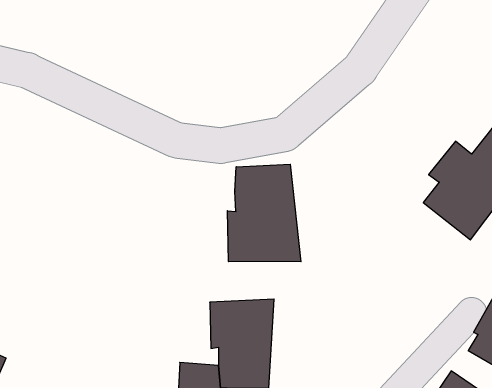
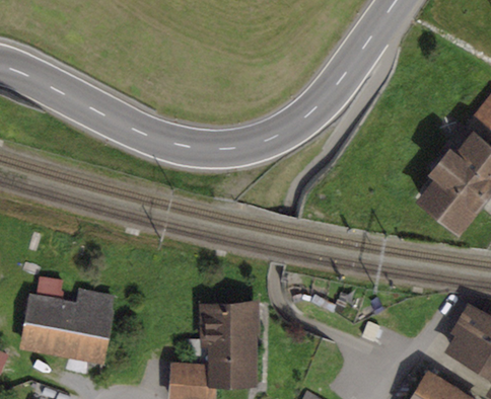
building: [227,164,301,262] -> none
building: none -> [19,289,117,365]

